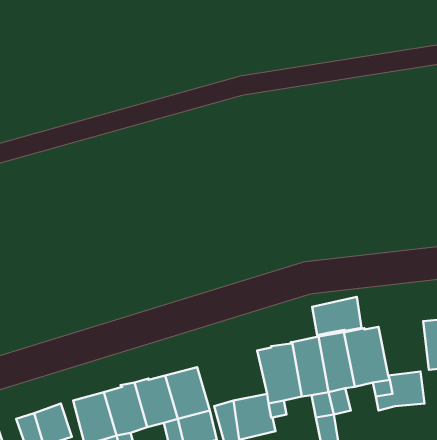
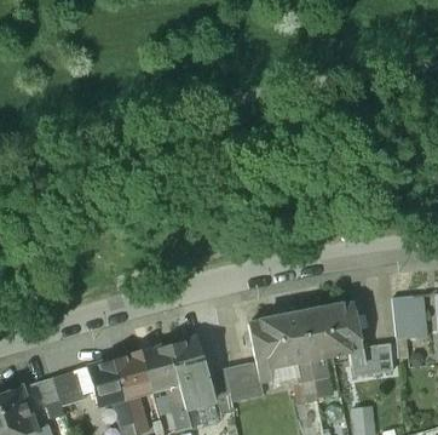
building: [312,297,361,335] -> none

